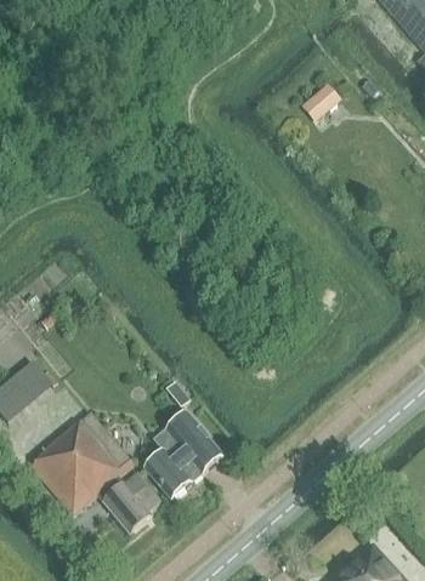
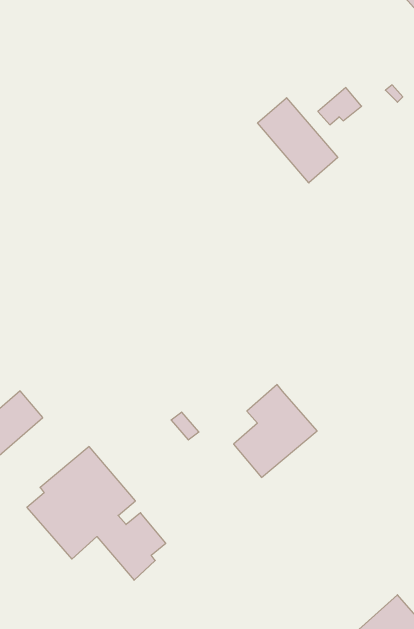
building: none -> [258,98,338,183]
building: [144,414,221,499] -> [234,385,317,477]

